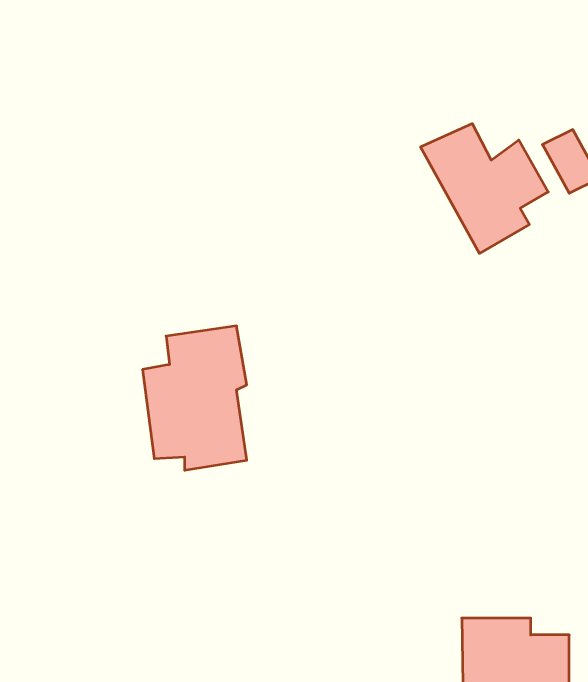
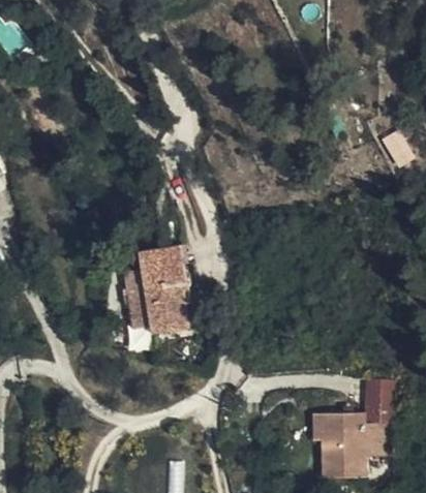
building: [421,124,548,253] -> none
building: none -> [362,378,388,426]

